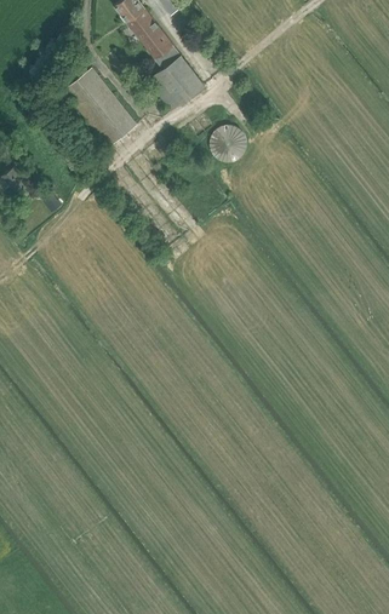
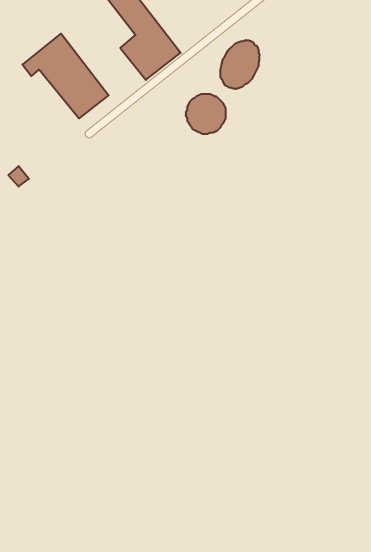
building: none -> [220,40,260,89]

